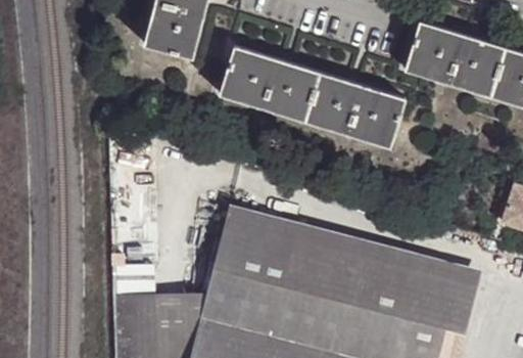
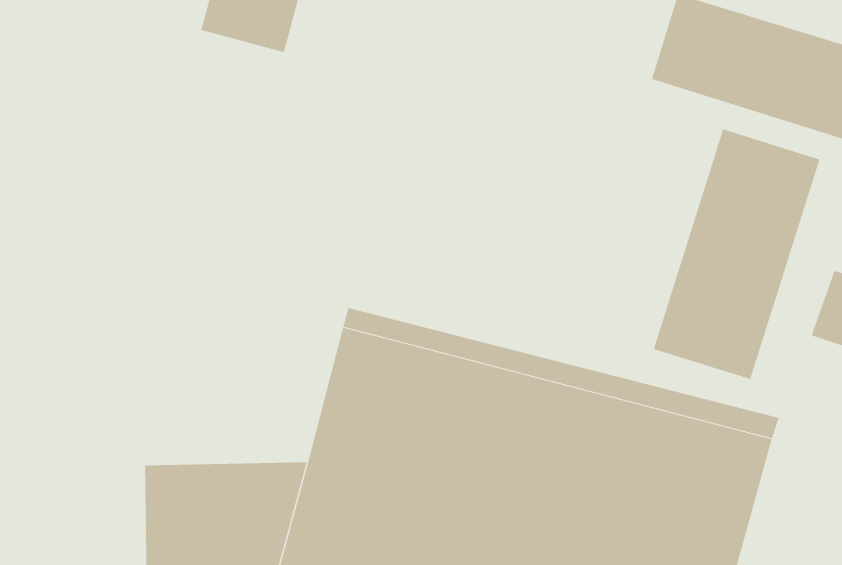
building: [221,47,407,148] -> none
building: none -> [653,129,820,380]

